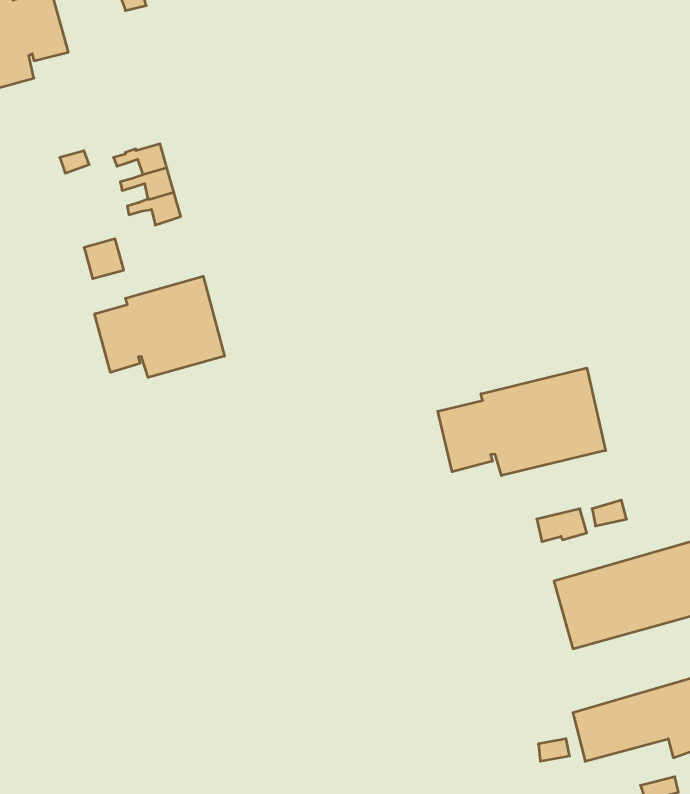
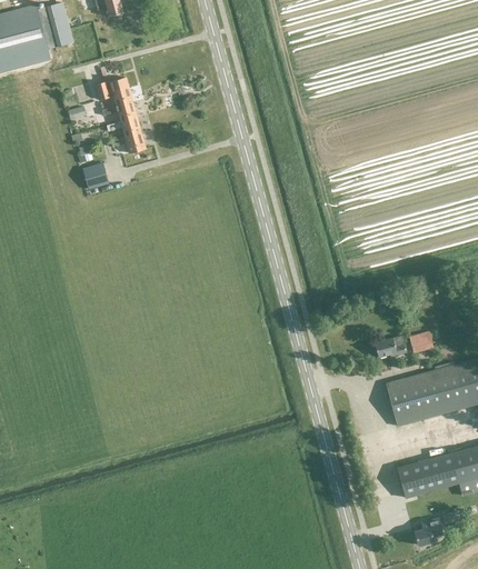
building: none -> [96,77,132,106]
building: [95,276,224,377] -> none
building: [438,368,606,476] -> none

